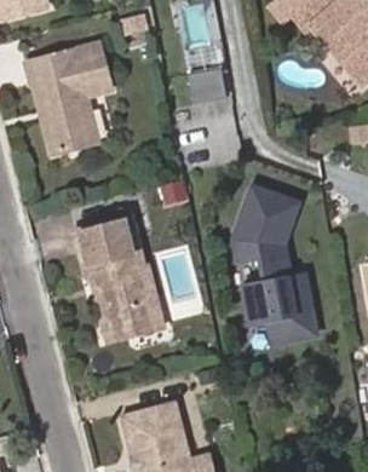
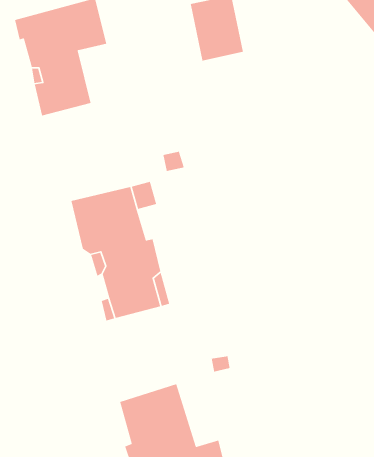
building: [226,178,321,345] -> none

